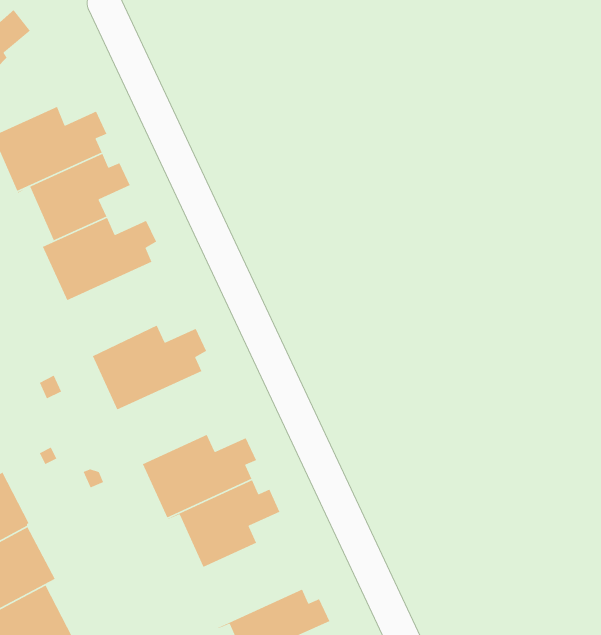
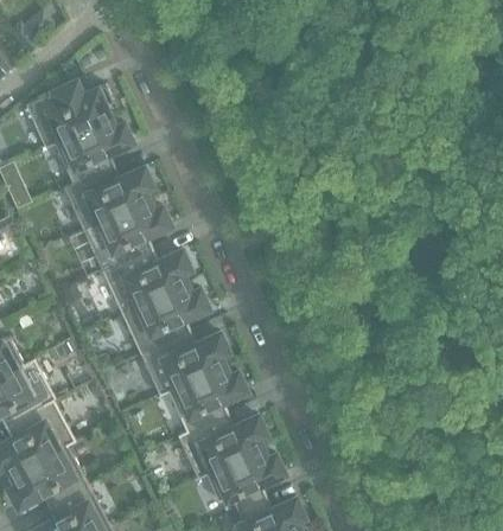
building: none -> [83,201,170,273]
building: none -> [121,284,208,354]
building: none -> [178,415,266,479]

